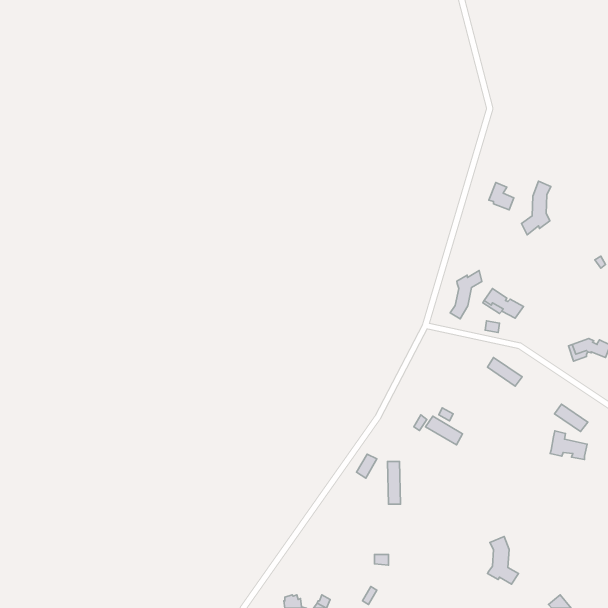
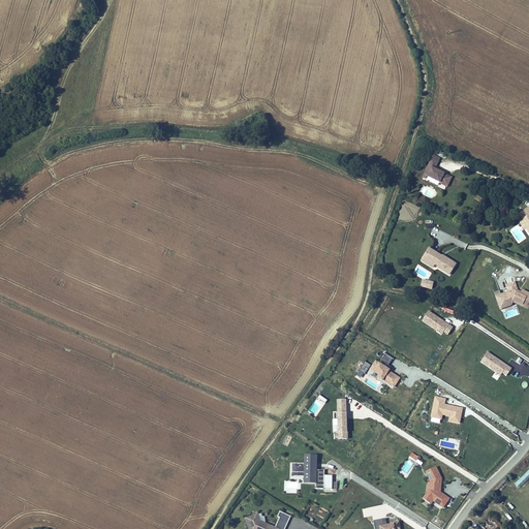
building: [522,181,551,235] -> none
building: [450,270,482,319] -> none
building: [550,431,587,460] -> [432,396,464,421]
building: none -> [291,454,323,487]

